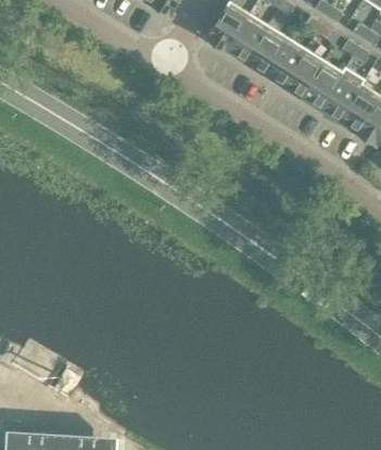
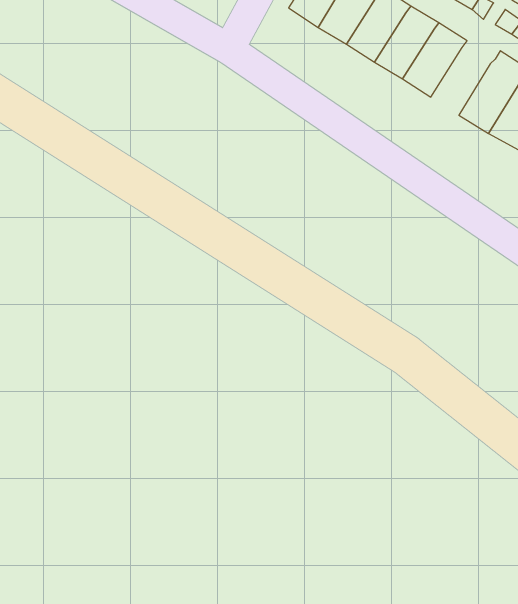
building: [299,60,341,109] -> none

